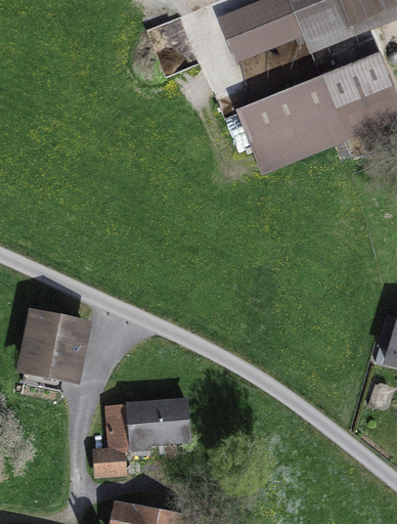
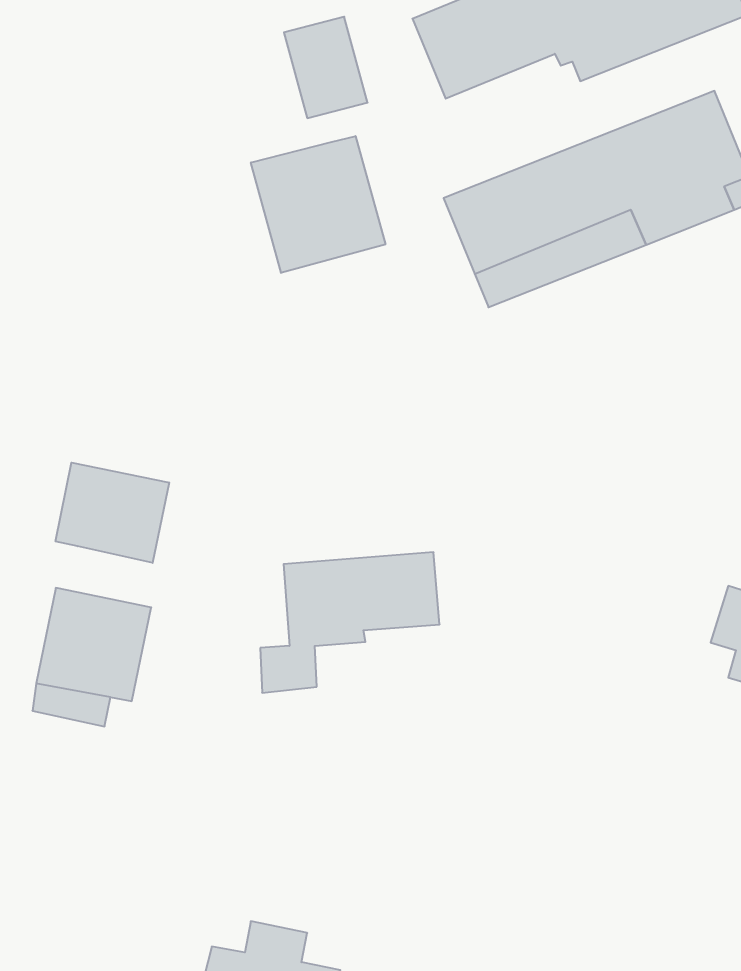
building: none -> [251,136,385,273]
building: none -> [56,463,169,563]
building: [94,400,188,474] -> [260,552,440,693]

